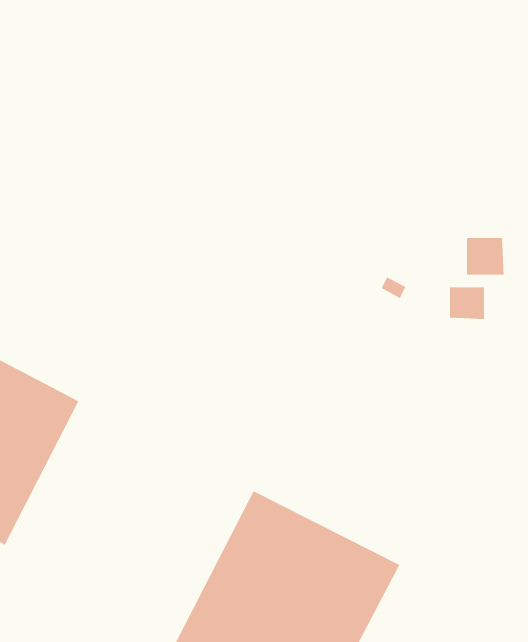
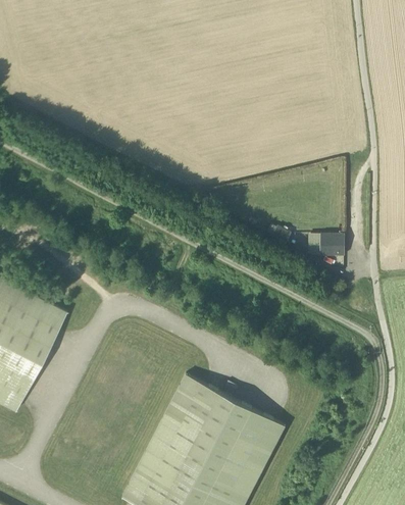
building: [467,237,504,276] -> none

